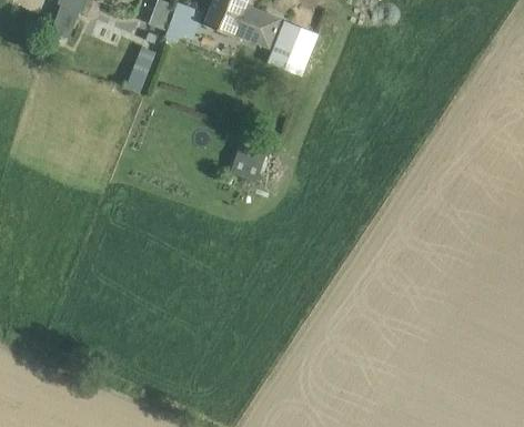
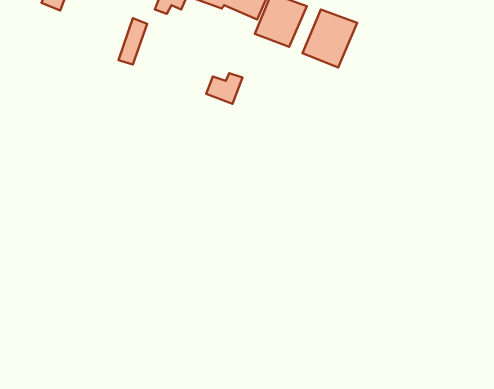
building: none -> [302,10,357,68]
building: [229,150,265,181] -> [206,73,242,104]

